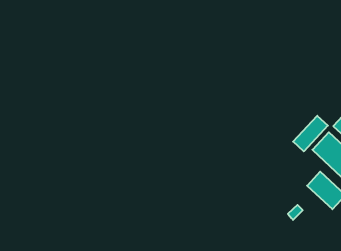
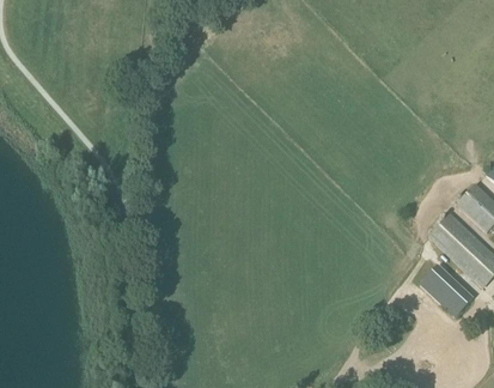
building: [293,116,328,151] -> none

